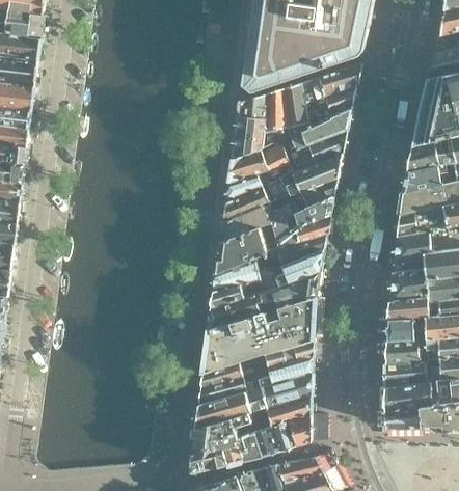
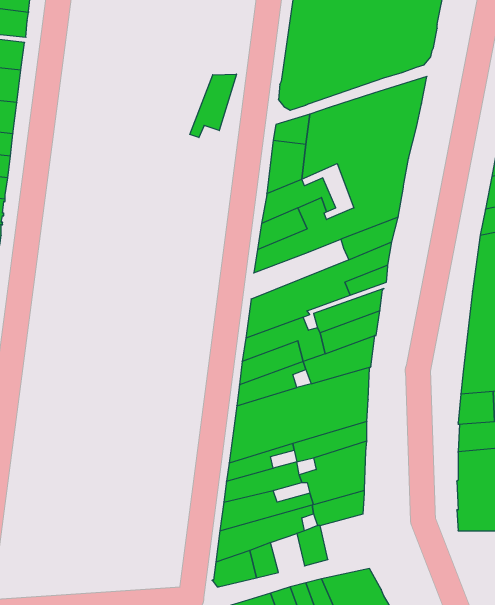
building: none -> [190,74,236,138]
building: [220,201,298,242] -> none
building: [275,413,309,449] -> none
building: [236,429,263,460] -> none

